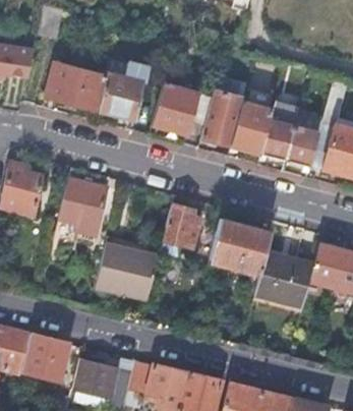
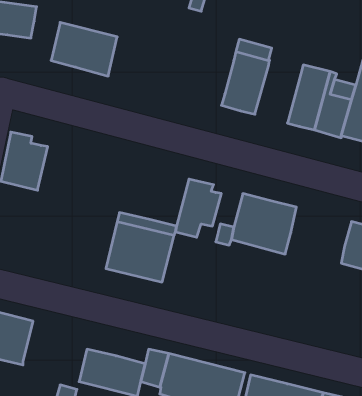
building: [99,63,153,121] -> none
building: [153,84,213,135] -> none
building: [232,103,274,155] -> none
building: [60,179,108,236] -> none
building: [254,254,313,306] -> none
building: [21,335,68,380] -> none

